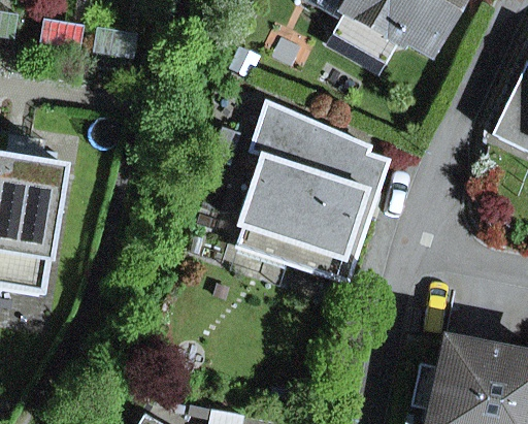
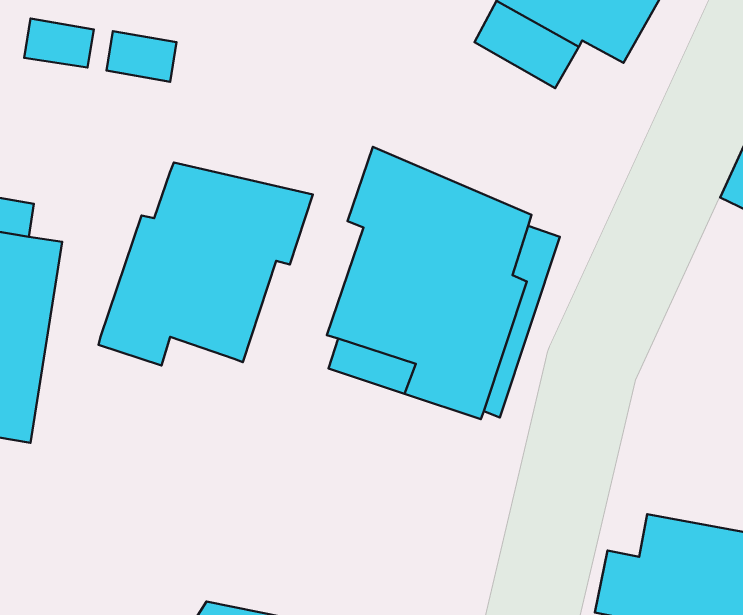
building: none -> [99,162,313,366]

